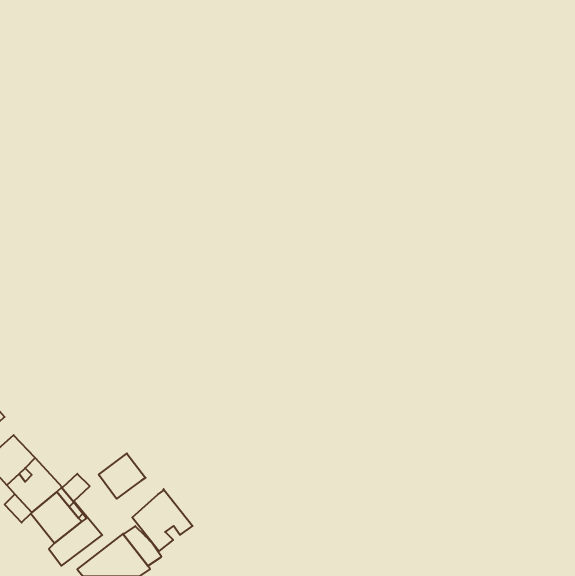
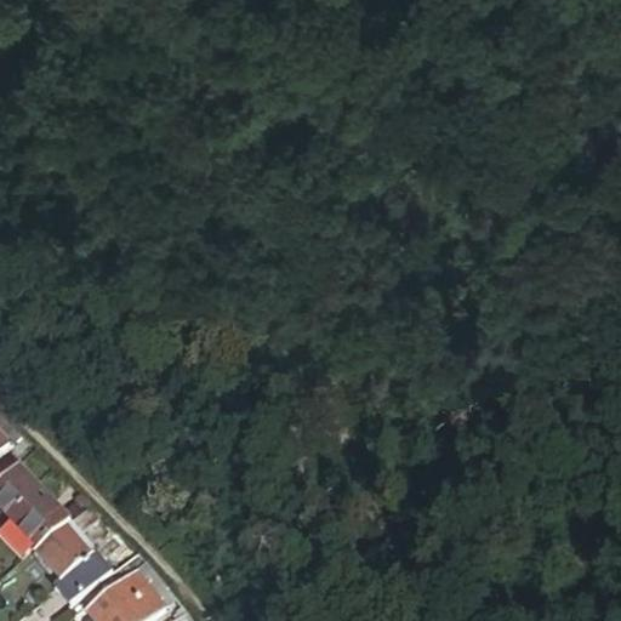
building: [99,453,146,499] -> none
building: [132,489,193,551] -> none

